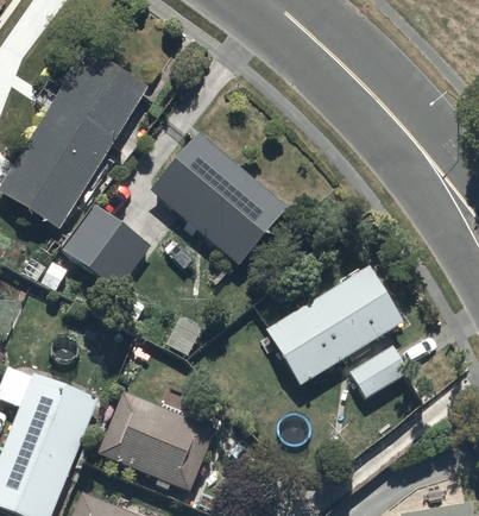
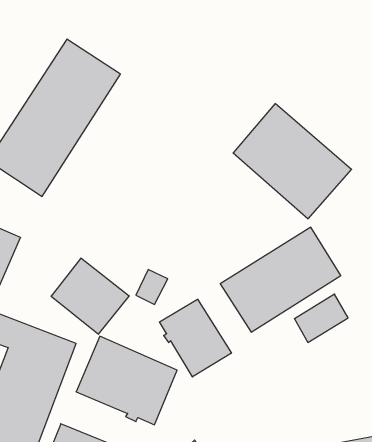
building: [151,132,288,265] -> [233,104,352,219]
building: [59,202,150,290] -> [51,258,129,334]
building: none -> [159,299,231,377]

